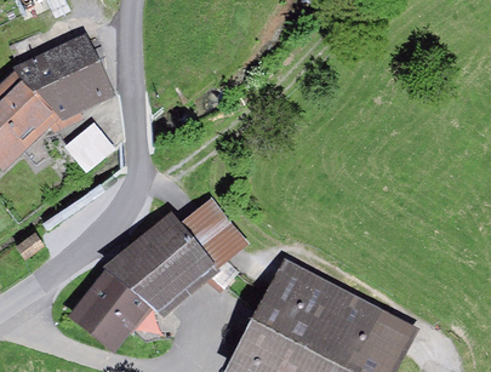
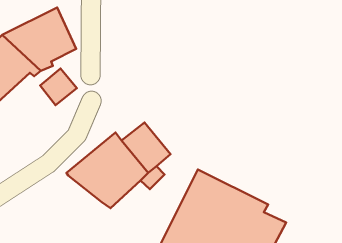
building: [67,273,149,354] -> none

